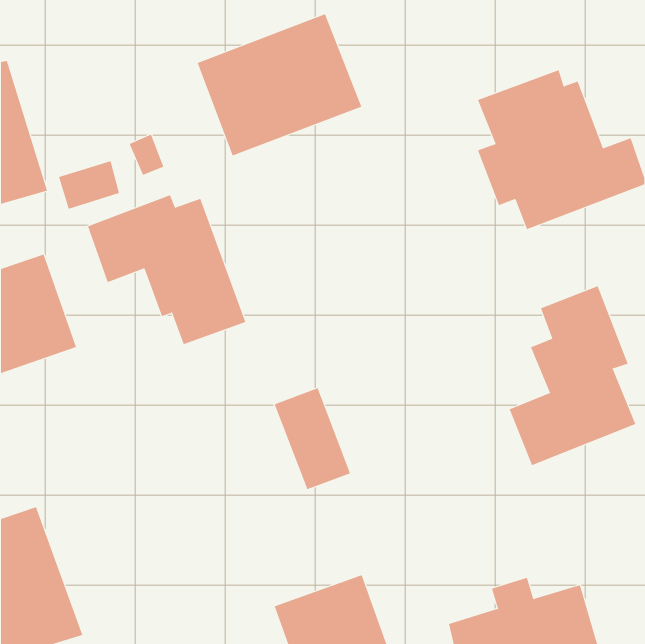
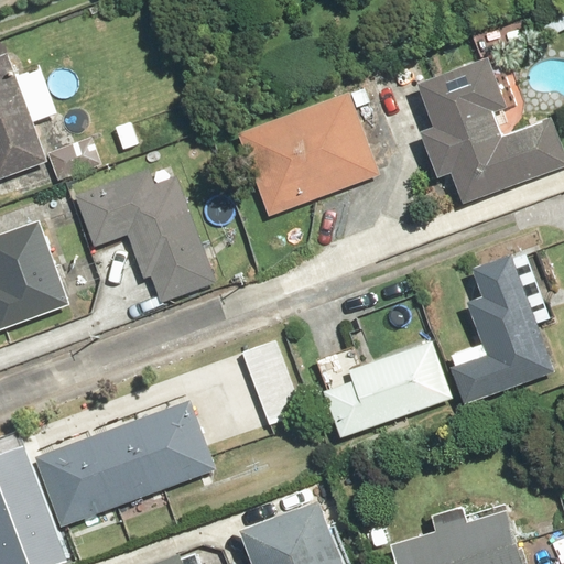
building: [197,13,362,156] -> [236,93,380,217]
building: none -> [319,341,452,440]
building: none -> [40,399,217,520]

